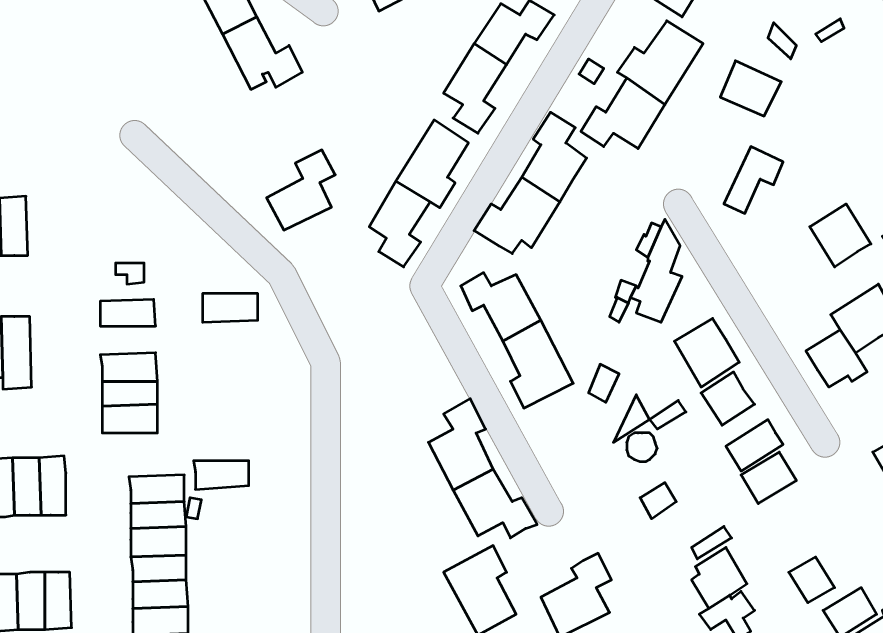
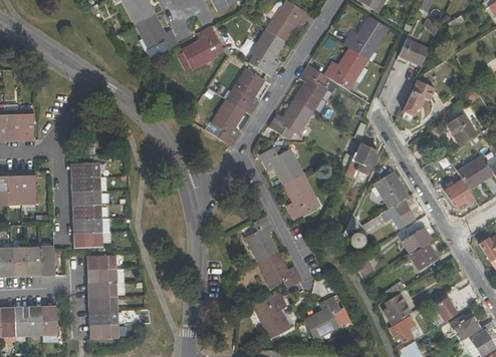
building: [267,150,335,230] -> [182,26,218,68]
building: [203,294,258,322] -> [71,176,100,192]
building: [194,461,249,489] -> [72,233,101,248]

